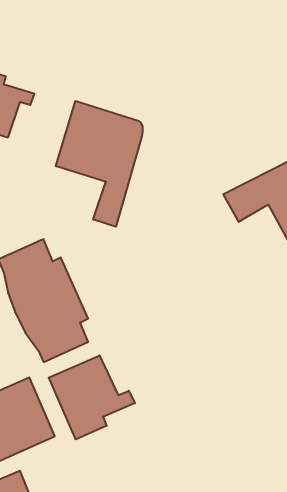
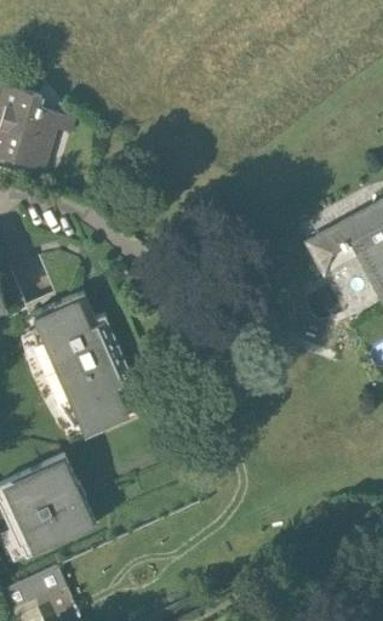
building: [56,101,143,227] -> none
building: [49,355,135,439] -> none

